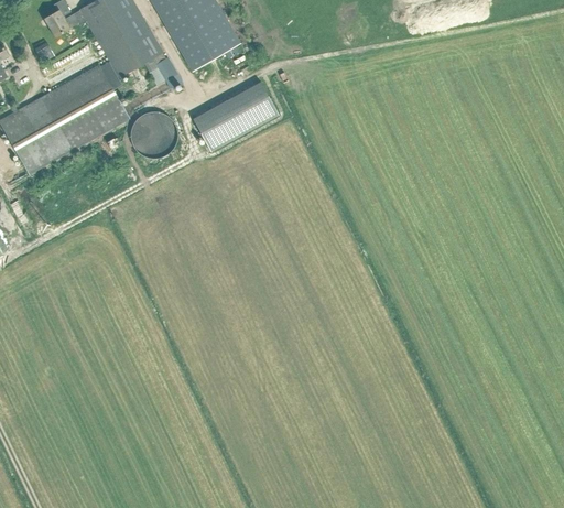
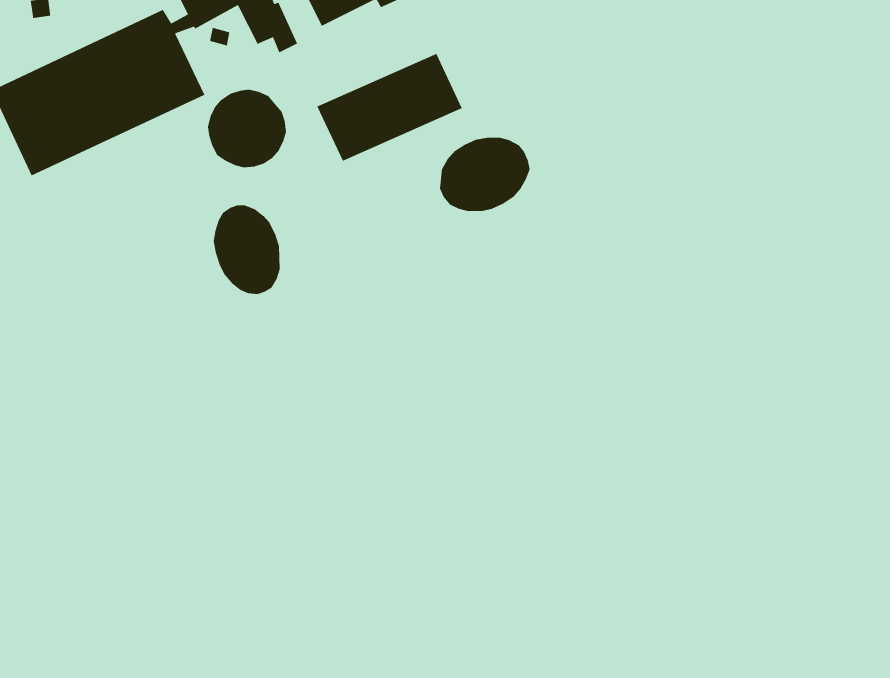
building: none -> [439,137,530,212]
building: none -> [213,205,281,295]

